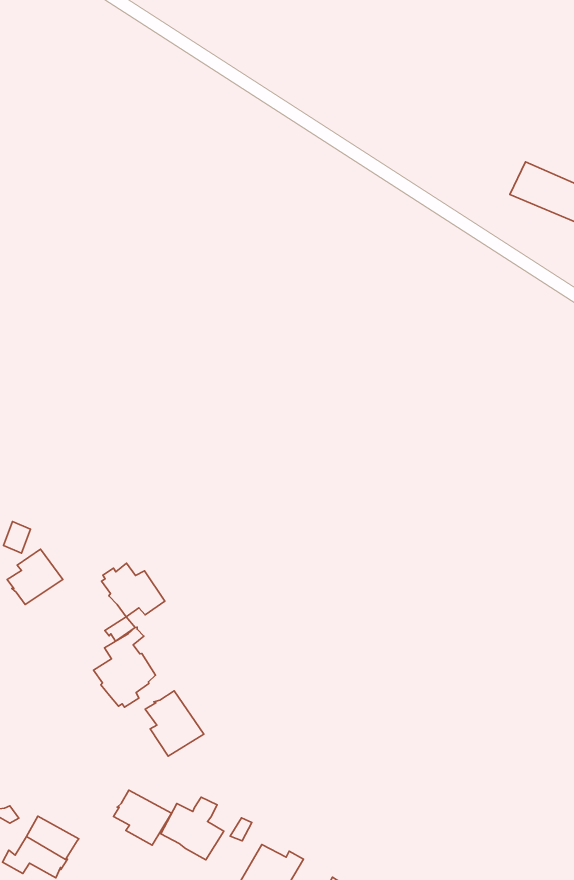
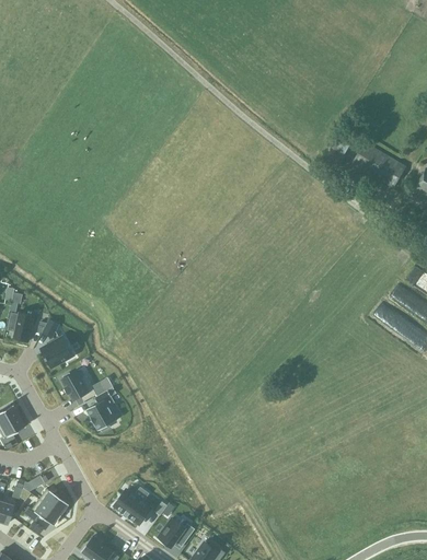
building: [101,563,165,617] -> [61,370,96,400]
building: [145,691,204,756] -> none
building: [113,790,172,845] -> none

